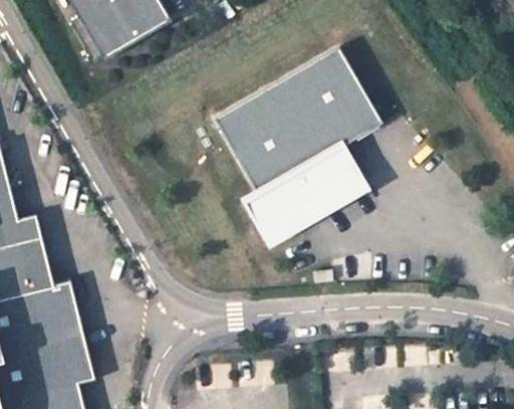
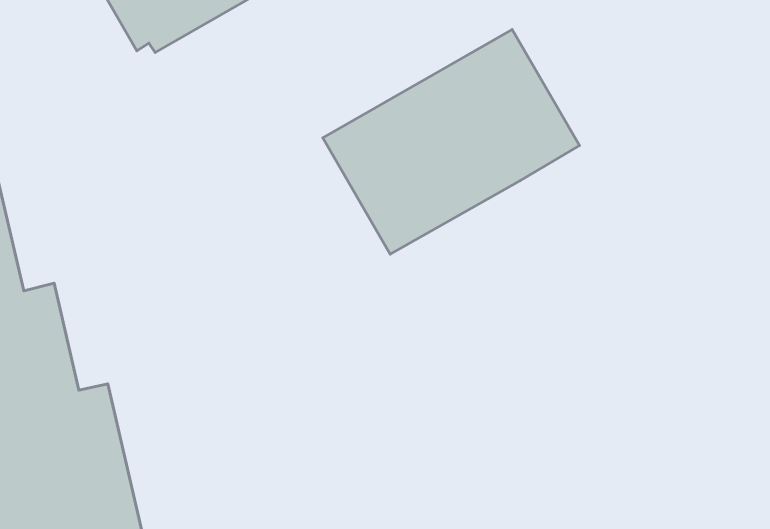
building: [245,147,366,243] -> none

